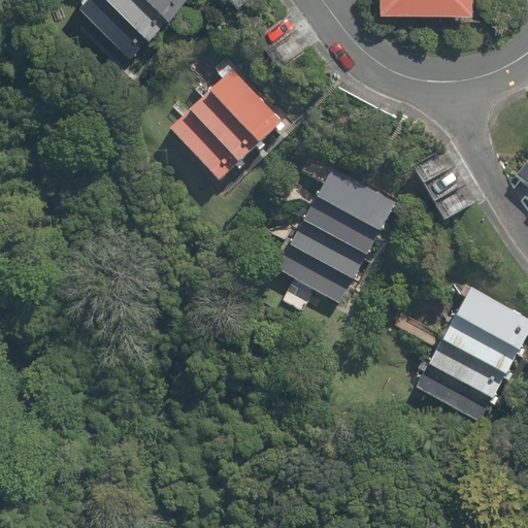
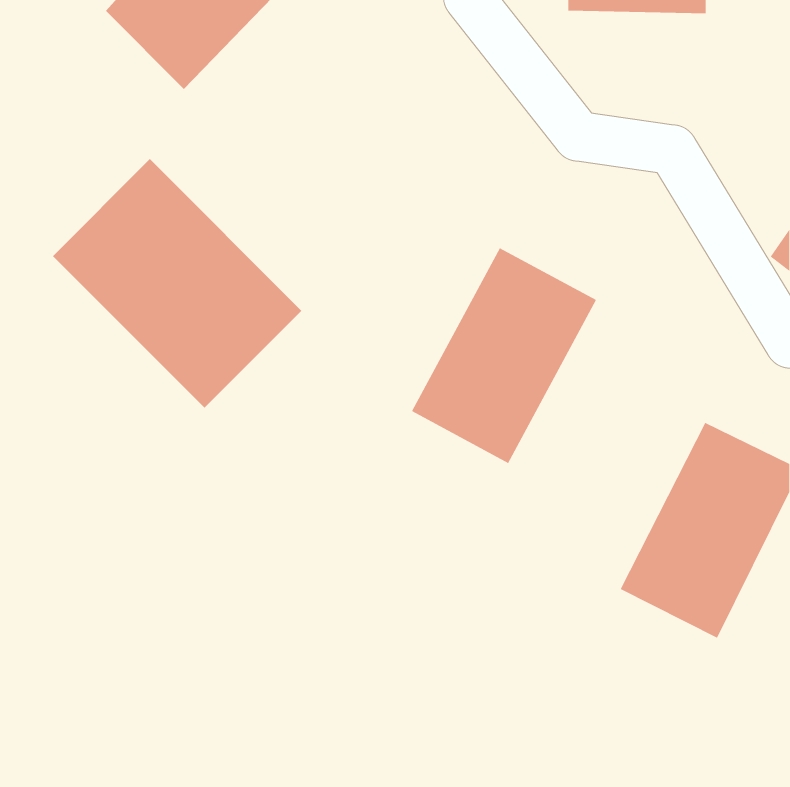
building: [164,65,287,188] -> none
building: none -> [52,158,302,409]

